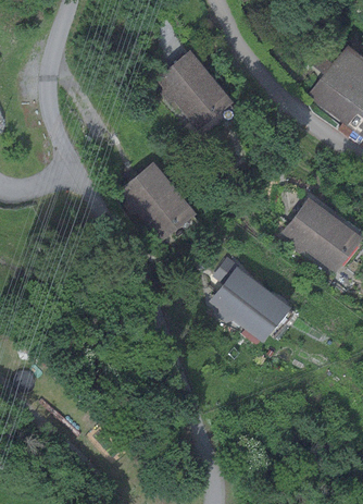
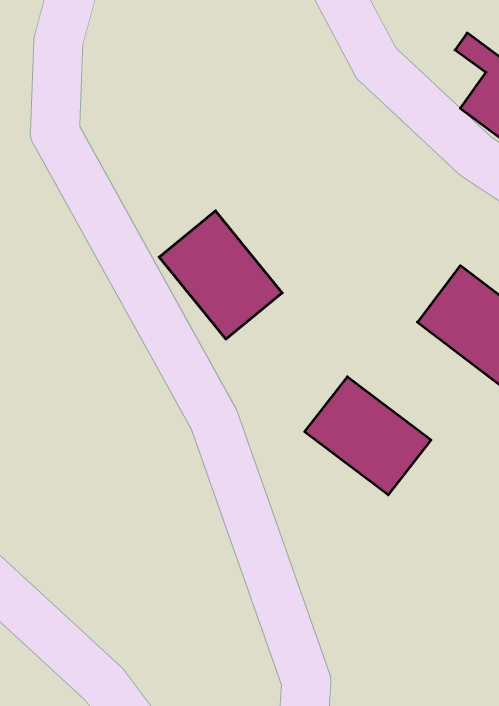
building: [157,50,234,132] -> none

